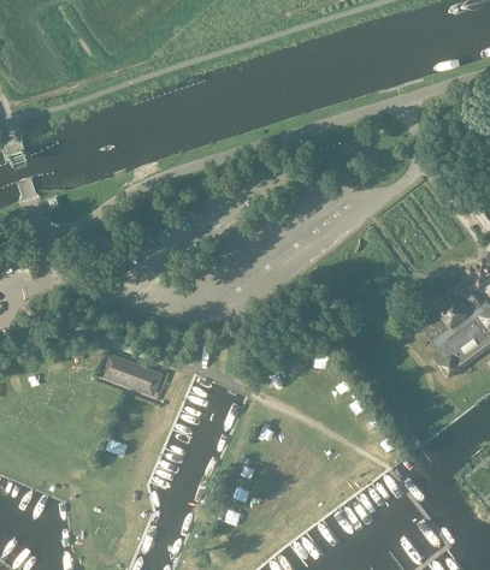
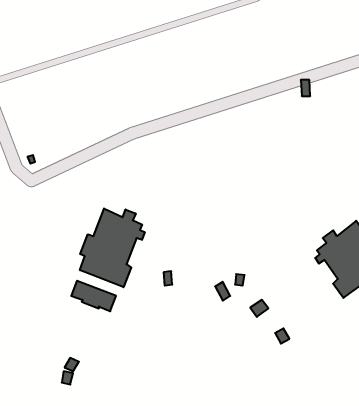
building: none -> [80,208,145,287]

